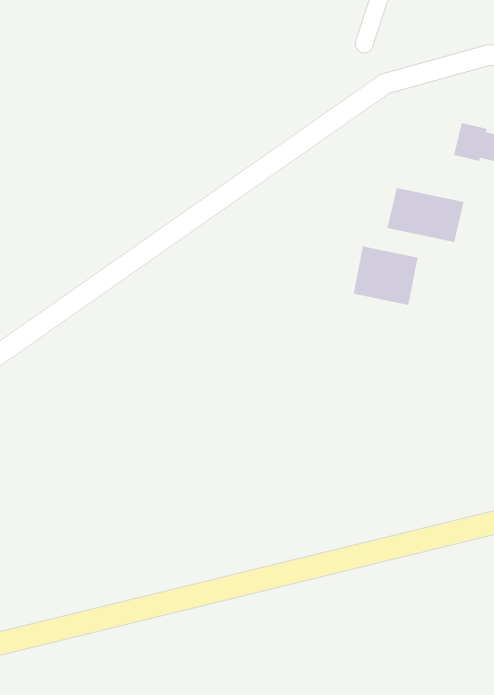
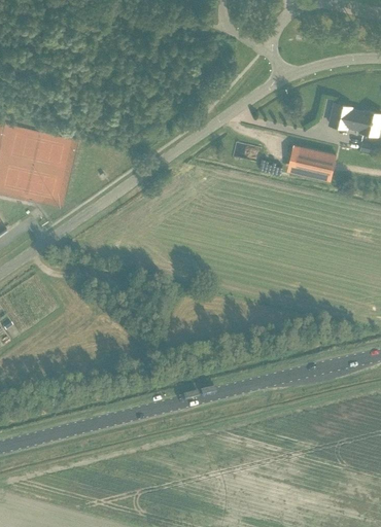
building: [353,245,418,306] -> none

